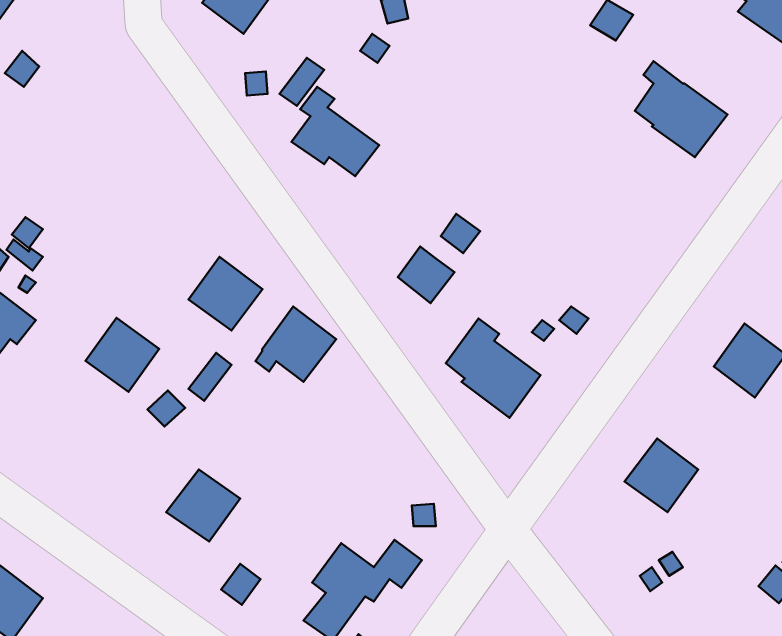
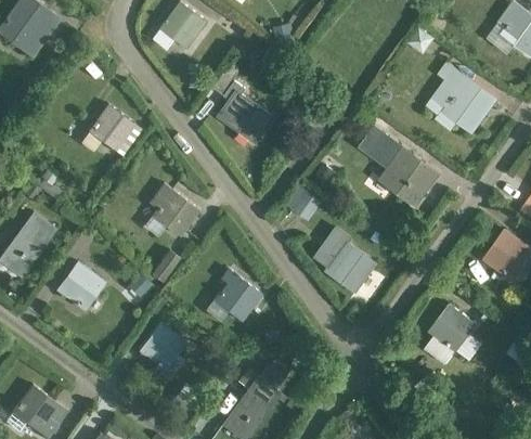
building: none -> [89,105,134,152]
building: none -> [358,127,439,207]
building: [255,306,336,382] -> [209,274,260,322]
building: [85,318,159,392] -> [57,262,104,309]

